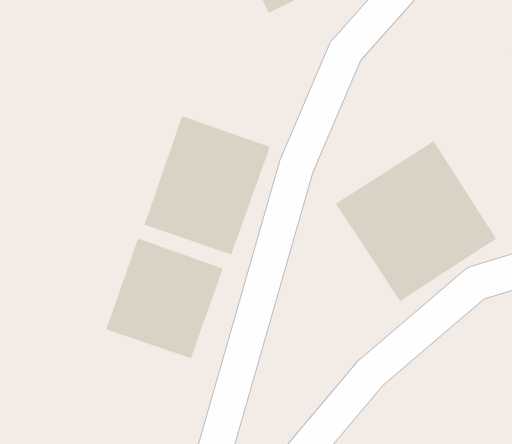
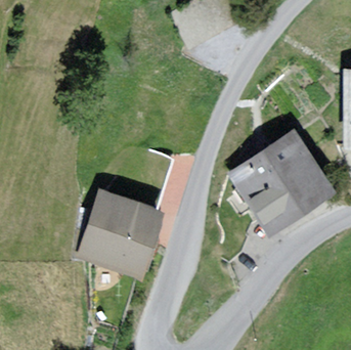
building: [143,115,271,255] -> none

